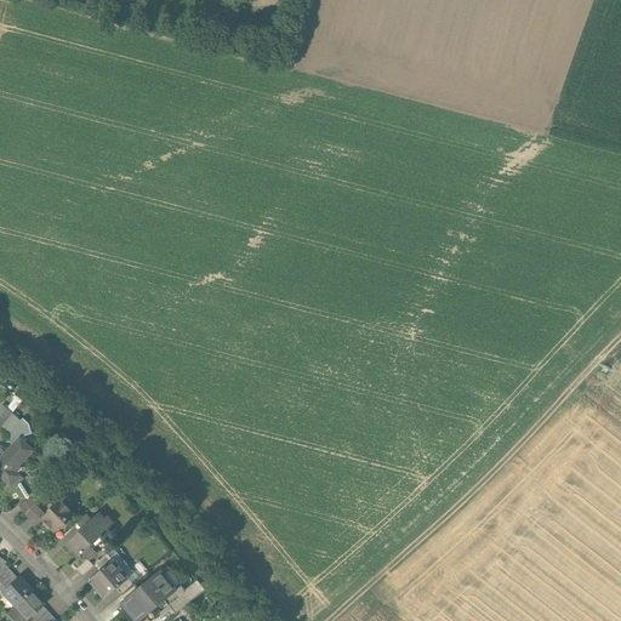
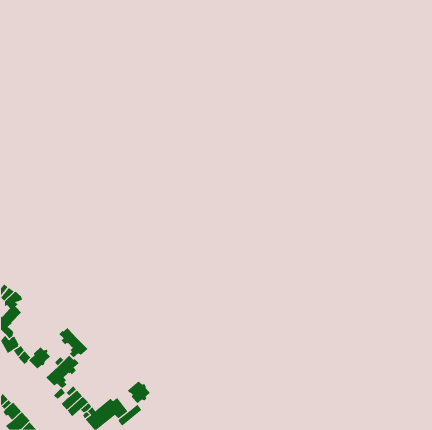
building: none -> [58,327,88,358]
building: none -> [127,380,151,404]

